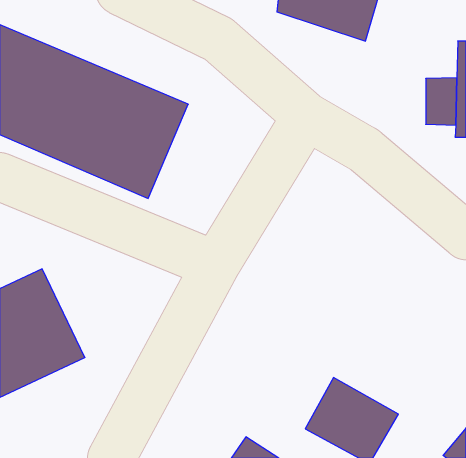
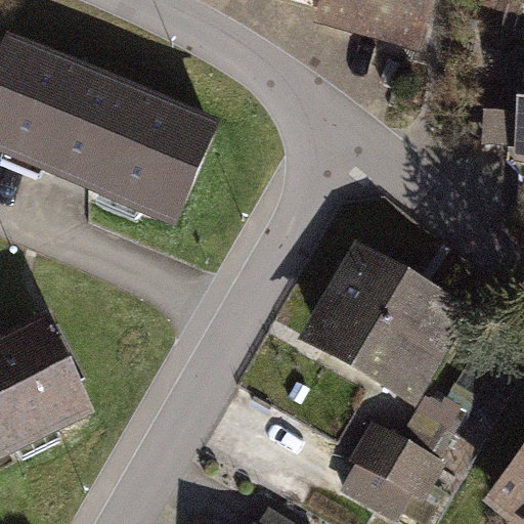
building: none -> [306,247,473,407]

